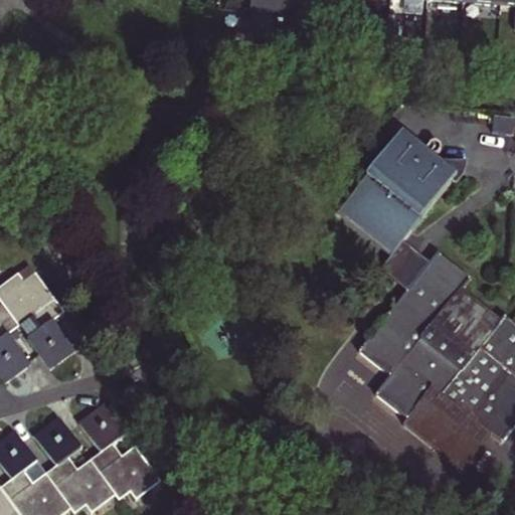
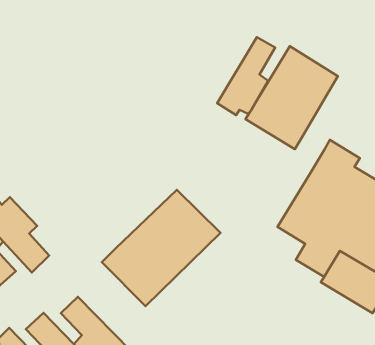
building: none -> [217,37,275,115]
building: [380,240,427,289] -> none
building: none -> [102,190,220,306]

